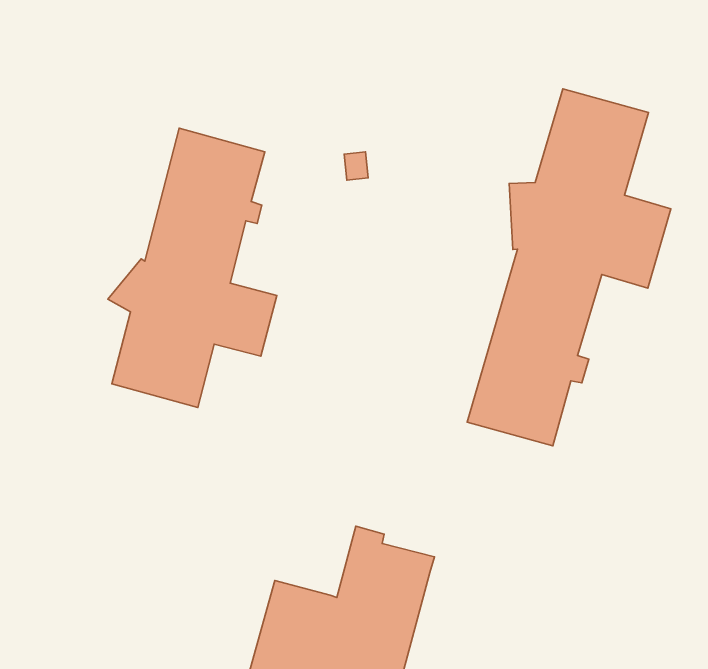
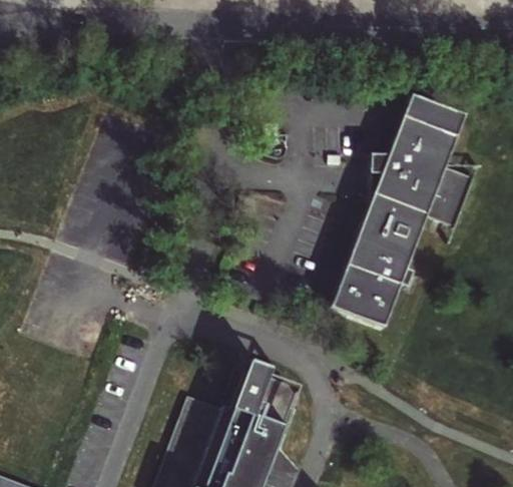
building: [108,128,277,408] -> none

